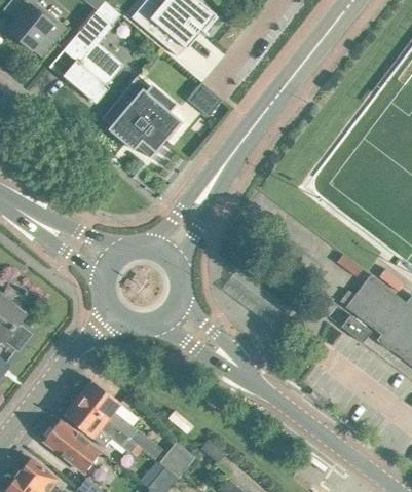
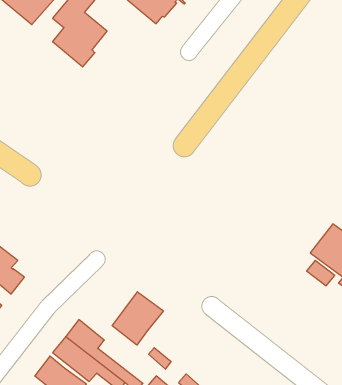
building: [101,77,181,159] -> none
building: [186,82,222,117] -> none
building: none -> [112,292,163,345]

